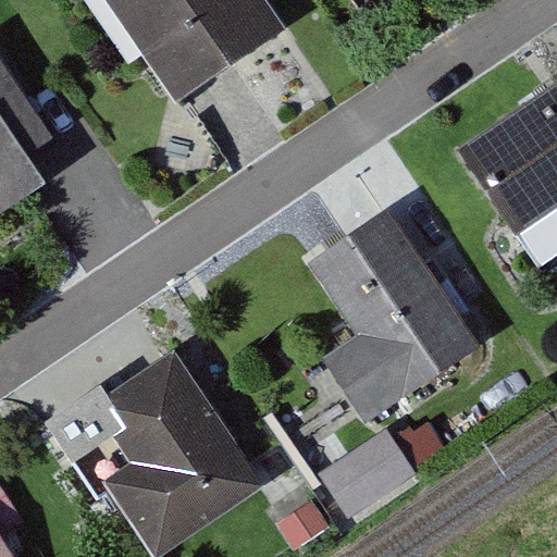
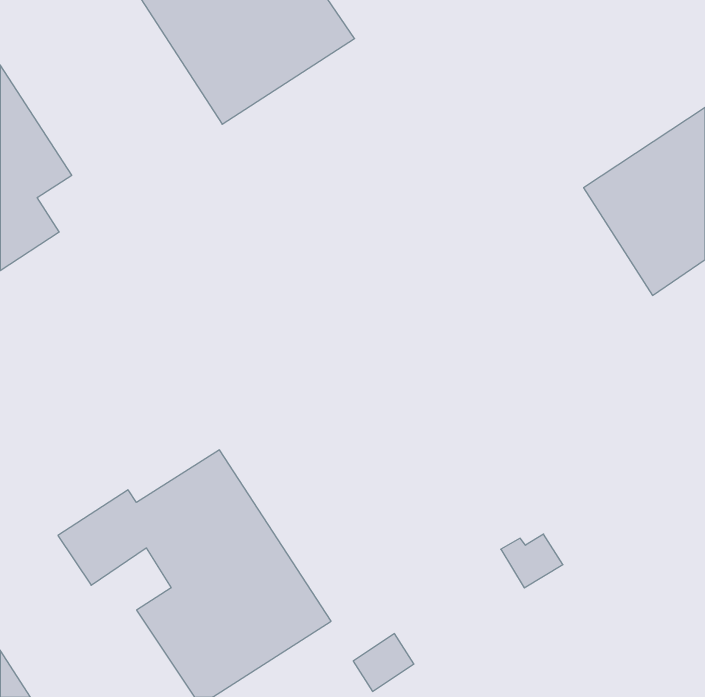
building: [311,213,479,420] -> none
building: [320,431,411,513] -> none

